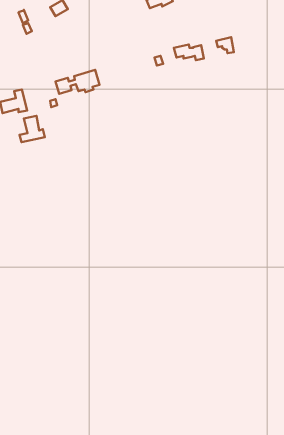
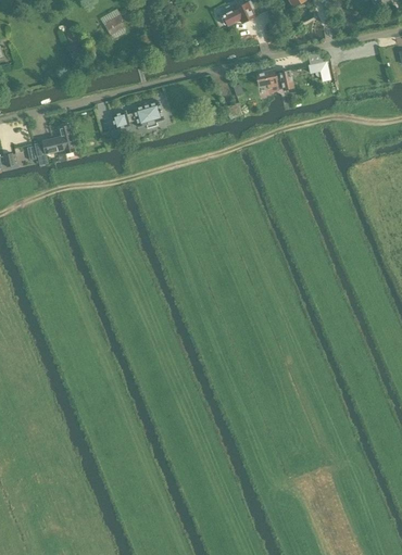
building: [20,116,45,142] -> none

